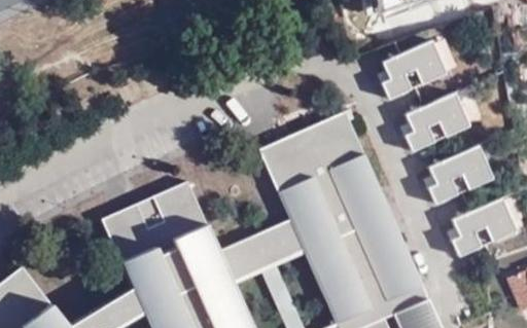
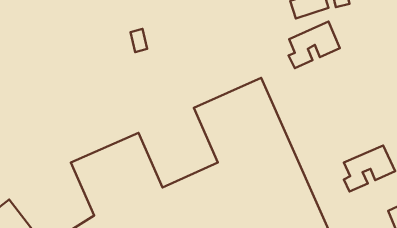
building: [403,93,469,152] -> none
building: [427,145,493,204] -> none

